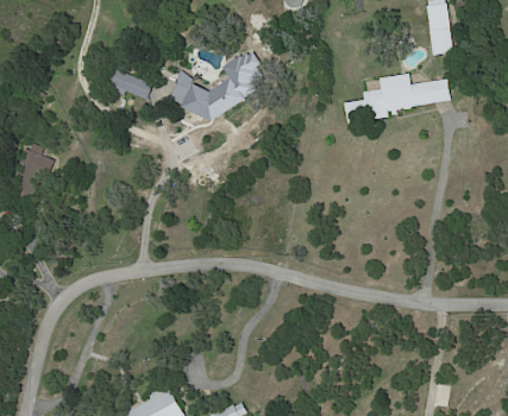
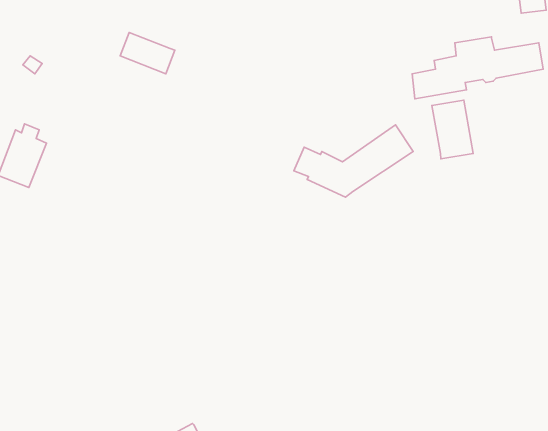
building: [170,61,266,119] -> [294,125,413,197]
building: none -> [432,100,473,159]

